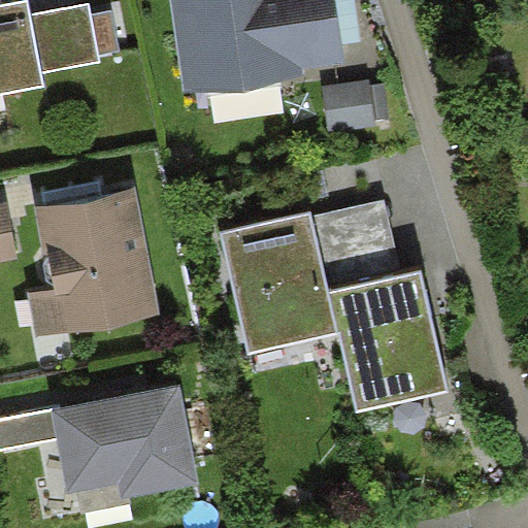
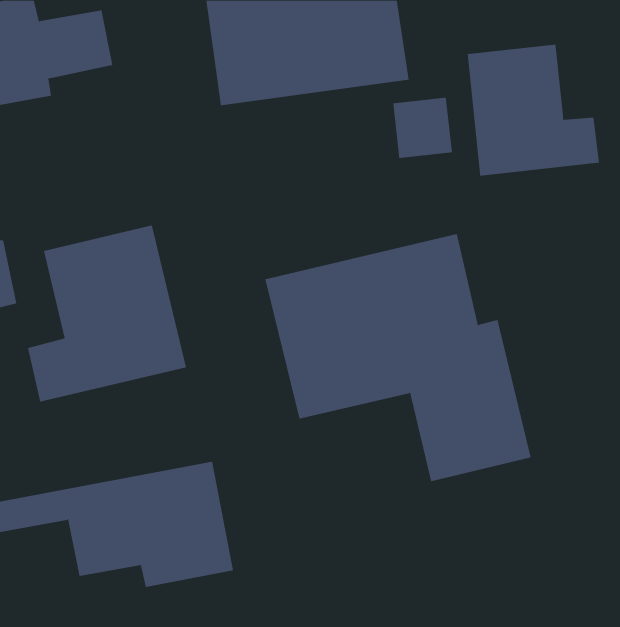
building: none -> [467,44,599,177]

